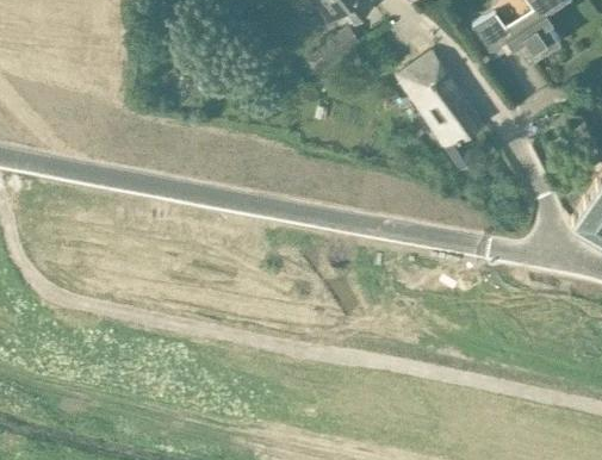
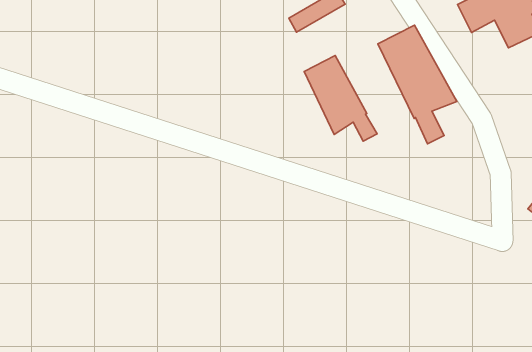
building: none -> [304,56,377,141]

